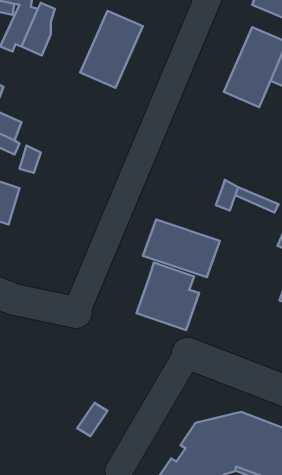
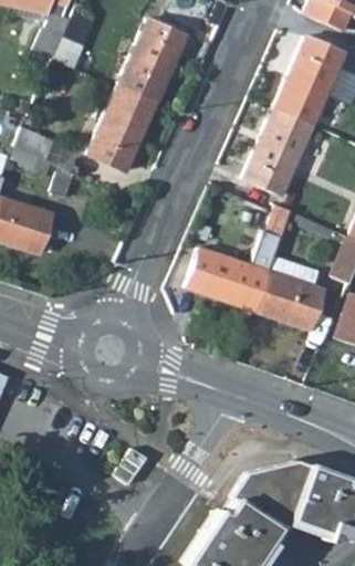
building: none -> [88,87,157,171]
building: none -> [244,108,314,196]
building: [137,262,199,330] -> [257,255,325,329]

